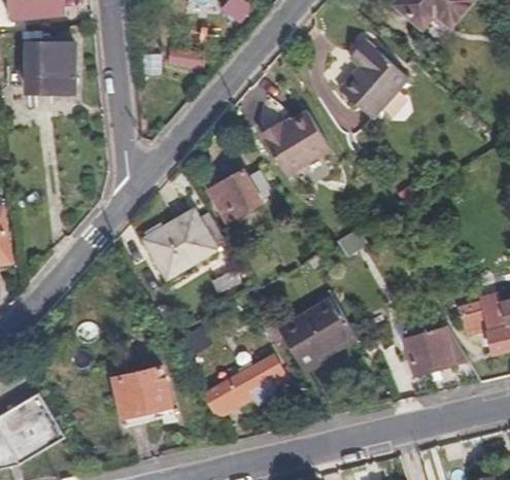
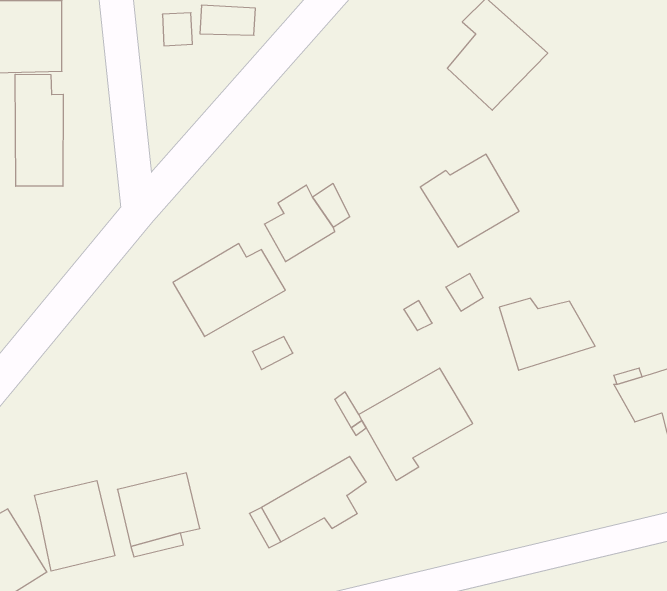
building: none -> [15,74,63,186]
building: [261,110,329,174] -> [420,154,519,247]
building: [401,325,467,375] -> [499,298,595,370]
building: none -> [35,481,115,571]

